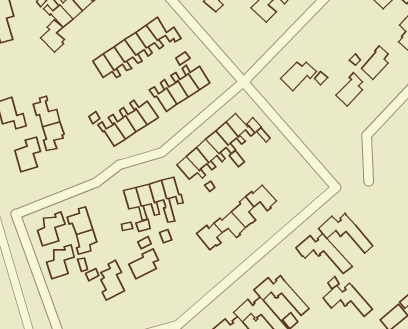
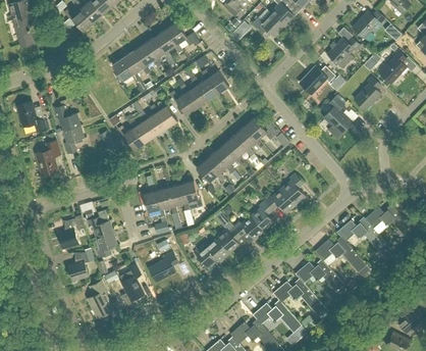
building: none -> [352,10,385,39]
building: none -> [251,12,284,38]
building: [40,20,64,52] -> none
building: none -> [326,32,360,68]
building: none -> [323,96,352,139]
building: none -> [280,173,306,204]
building: none -> [364,204,413,237]
building: none -> [194,237,228,269]
building: none -> [87,280,113,318]
building: [323,284,372,316] -> [295,259,343,292]

